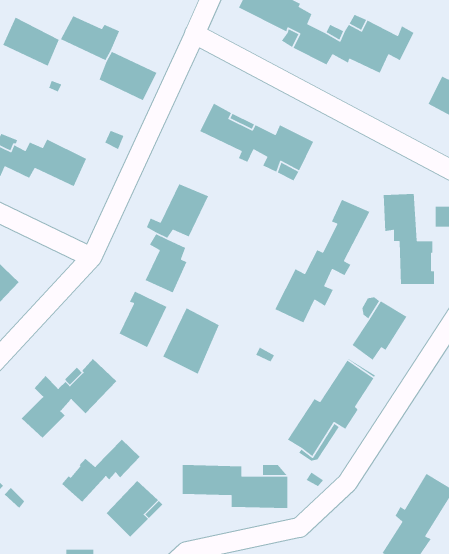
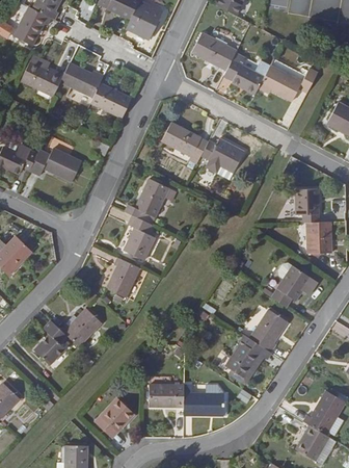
building: [274,199,371,323] -> none
building: [162,307,220,375] -> none
building: [61,439,140,502] -> none

